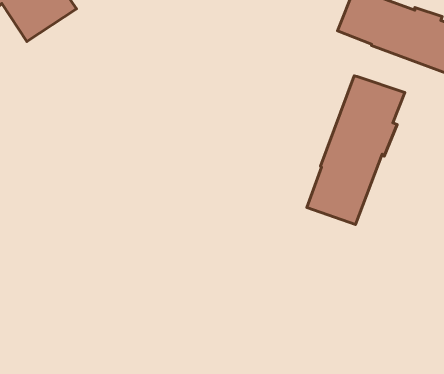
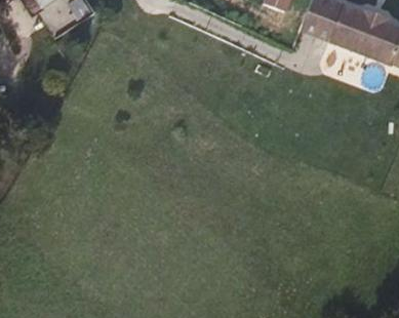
building: [307,76,405,225] -> none

